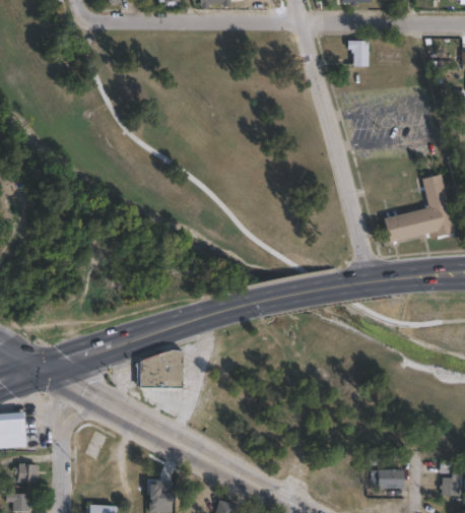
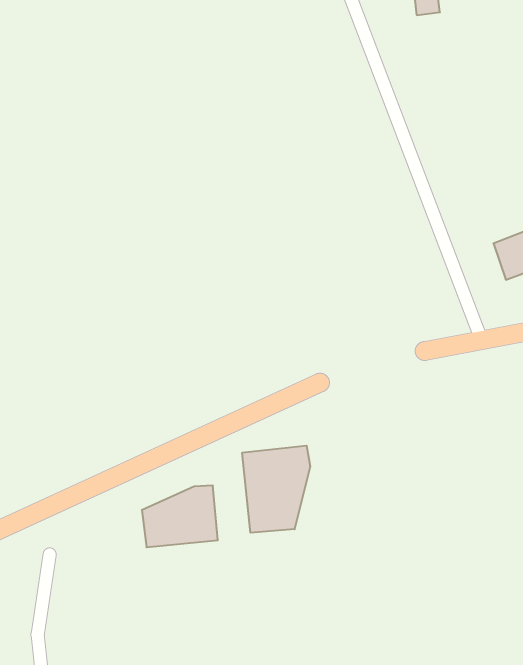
building: none -> [242,446,310,533]

